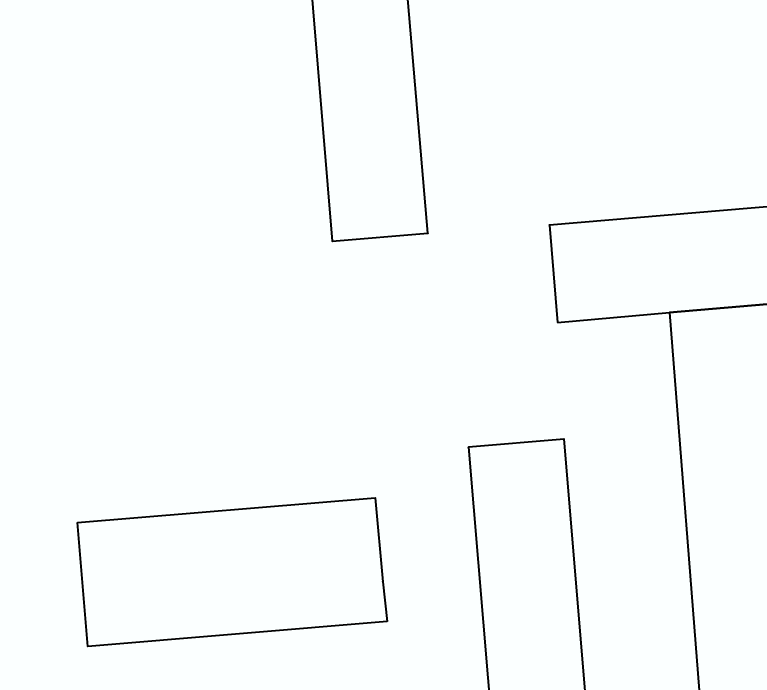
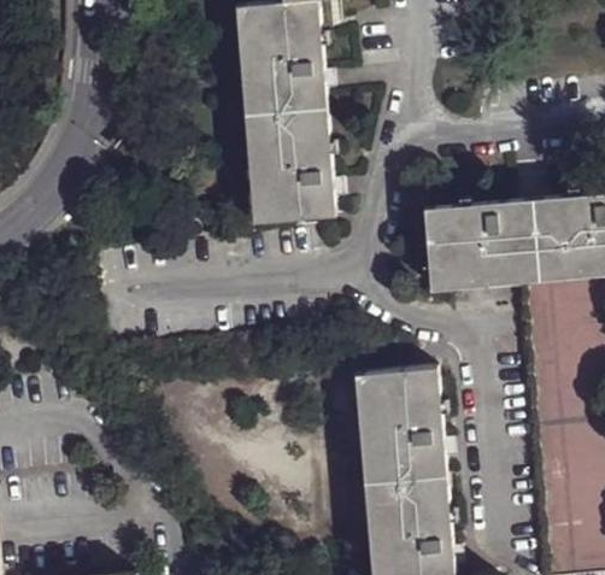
building: [78,498,387,646] -> none

